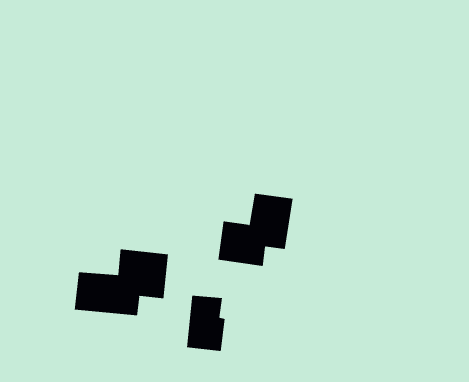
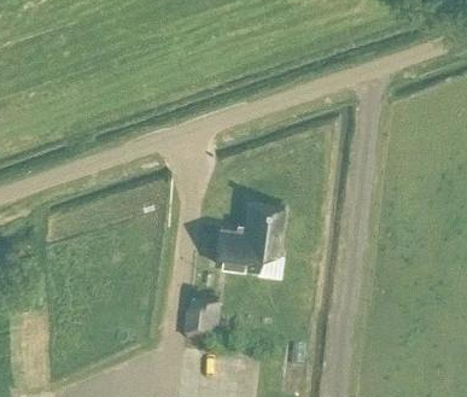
building: [74,249,169,316] -> none

